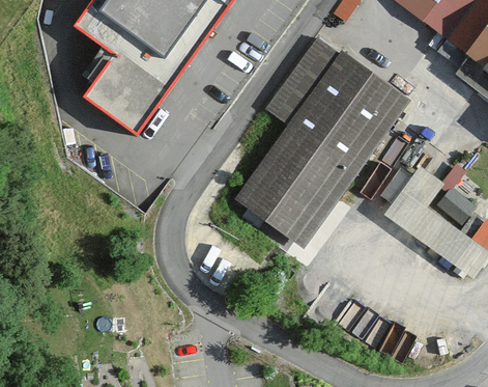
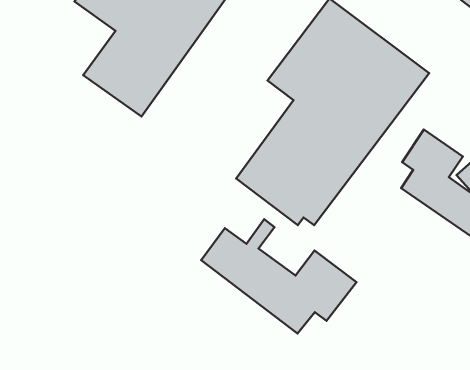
building: none -> [201,219,357,334]

